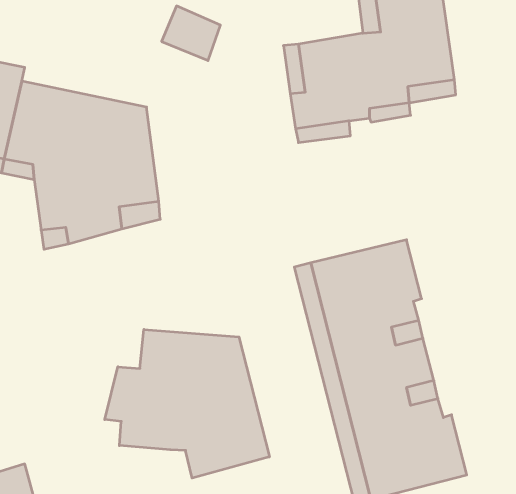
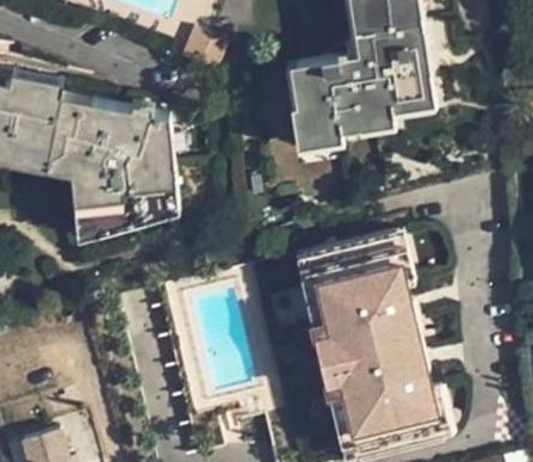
building: [105,329,269,478] -> none

